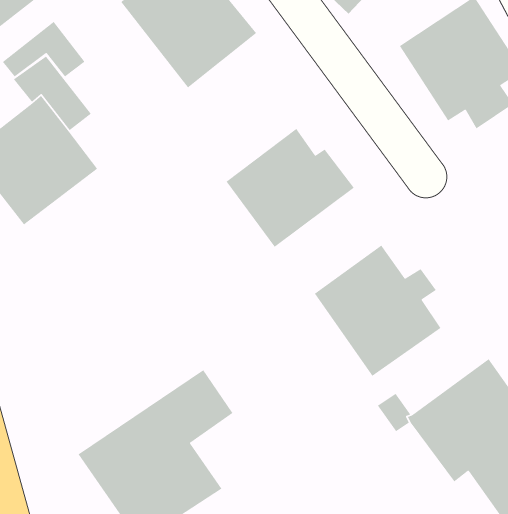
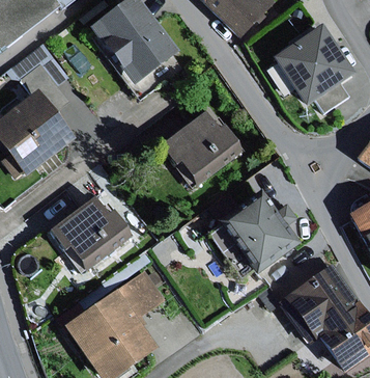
building: none -> [47,195,133,275]

